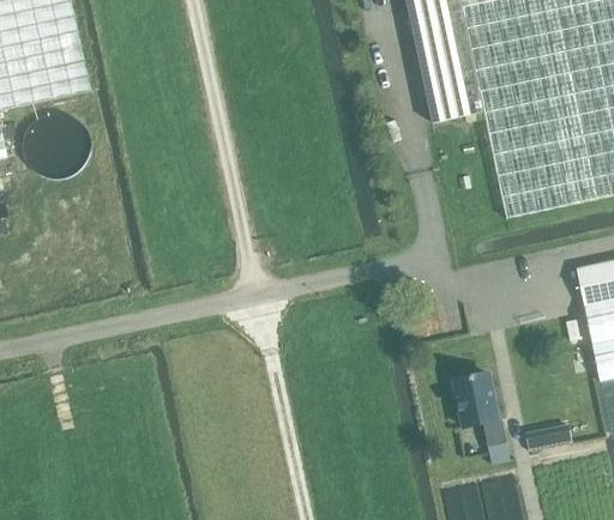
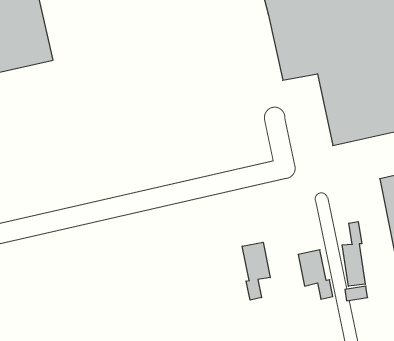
building: none -> [342,222,365,286]
building: none -> [242,242,270,300]

